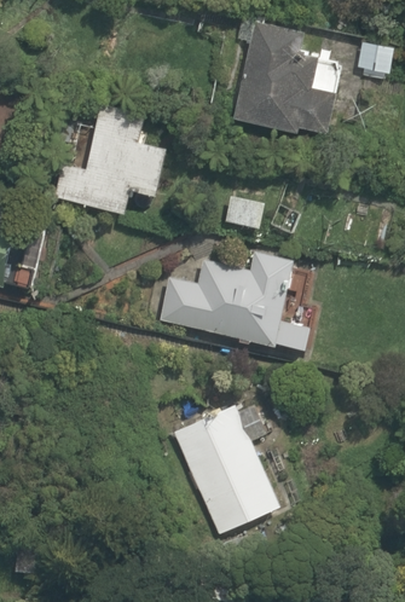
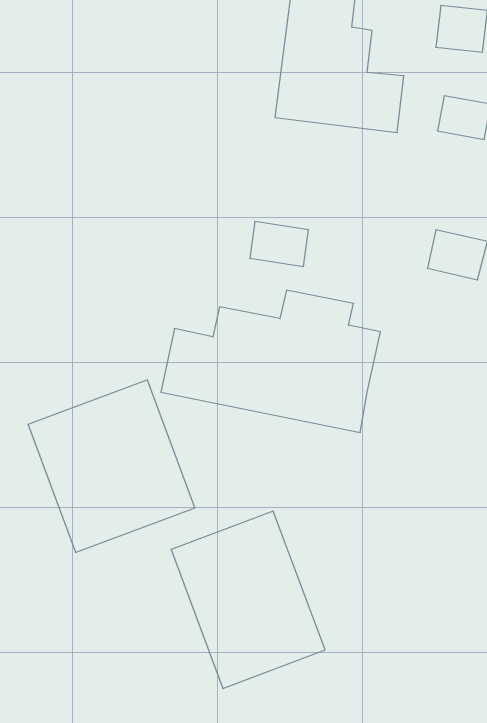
building: [52,103,157,213] -> none
building: none -> [28,380,195,553]

